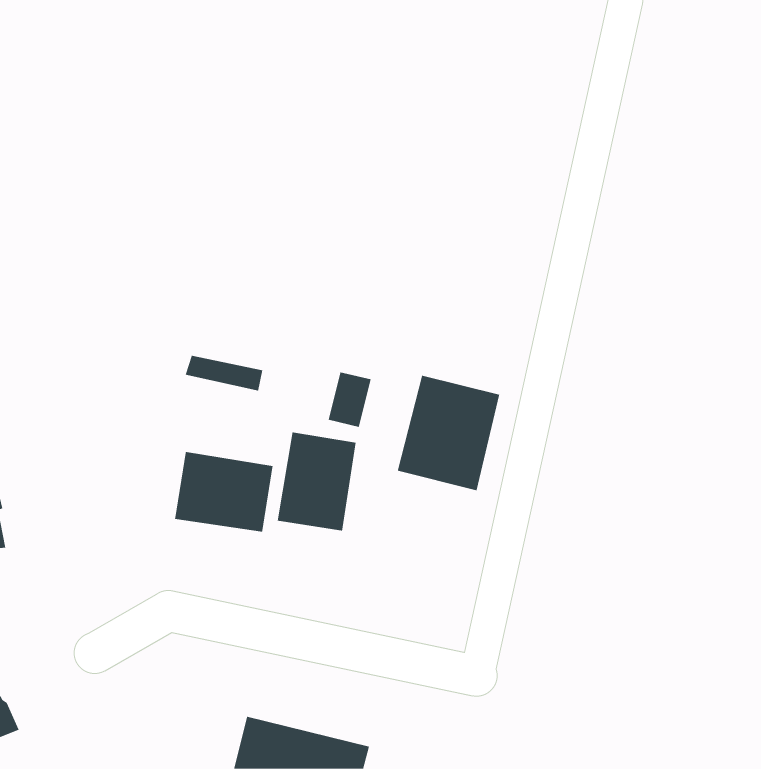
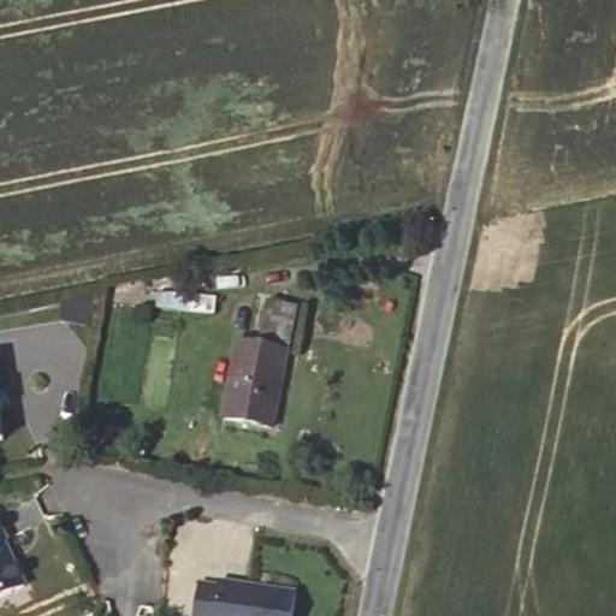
building: [397,375,500,491] -> none
building: [175,451,273,532] -> none

